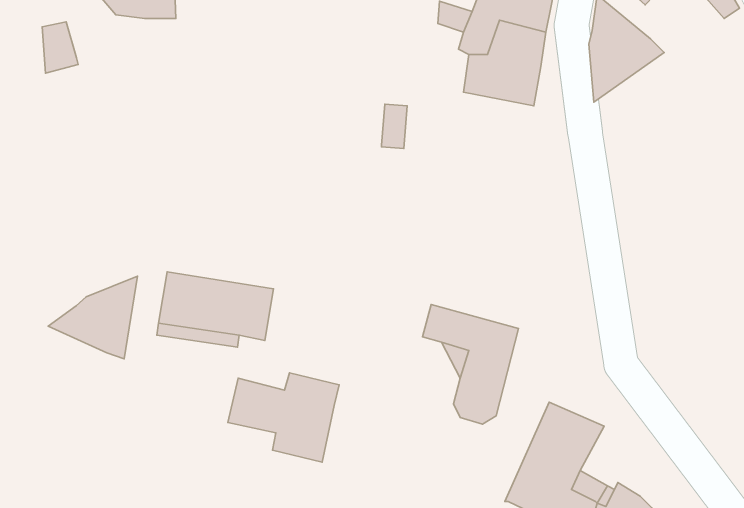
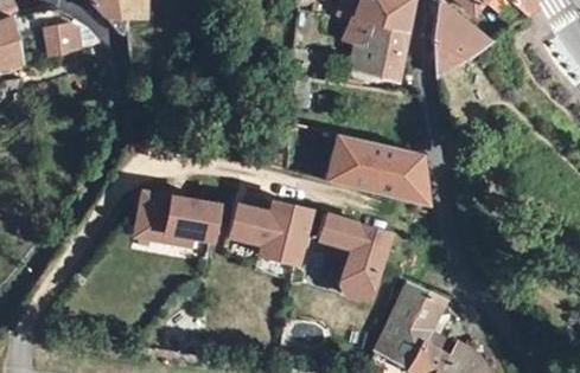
building: none -> [331,135,422,204]
building: [48,276,137,359] -> none
building: [228,373,339,462] -> [231,202,308,264]

